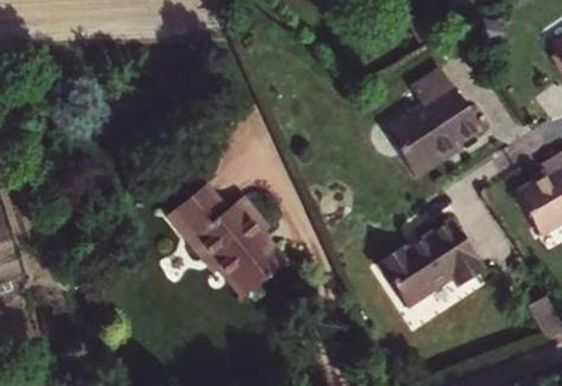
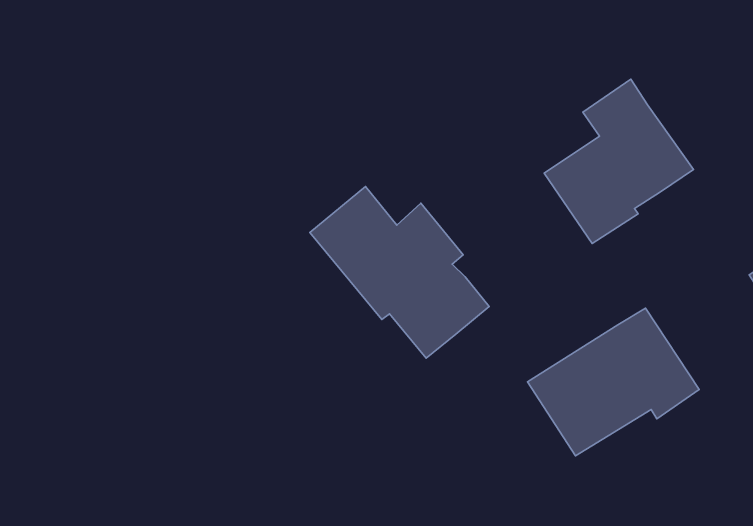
building: [175,185,291,296] -> [310,186,489,358]

